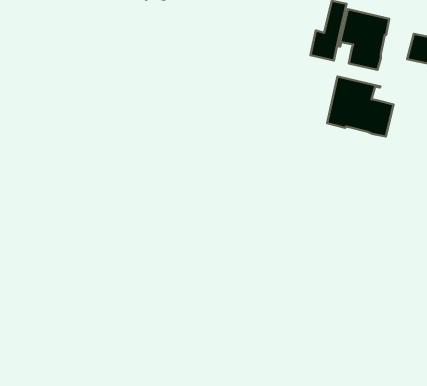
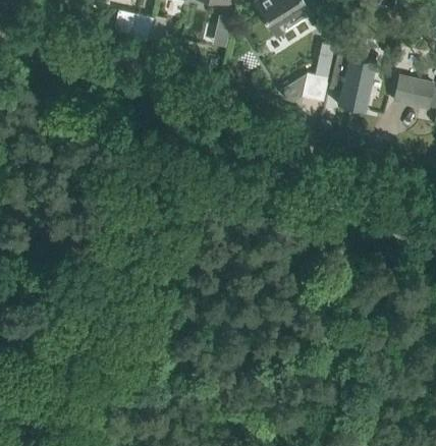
building: [327,77,393,136] -> none

